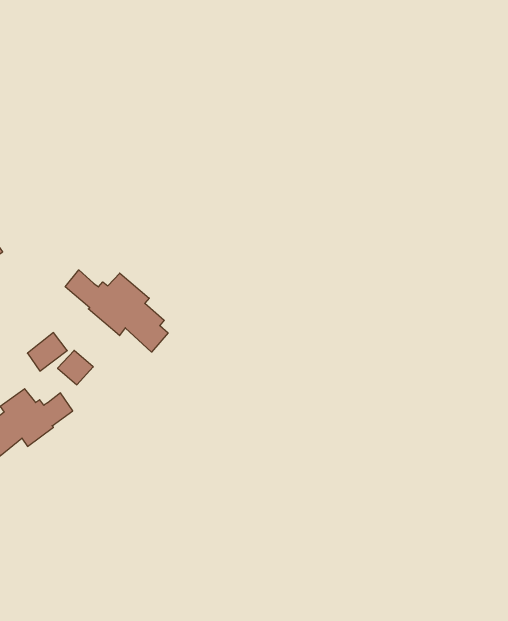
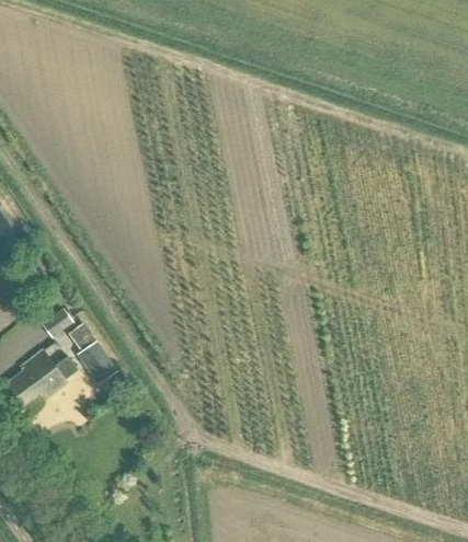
building: [65,270,168,352] -> none
building: none -> [77,339,118,384]

